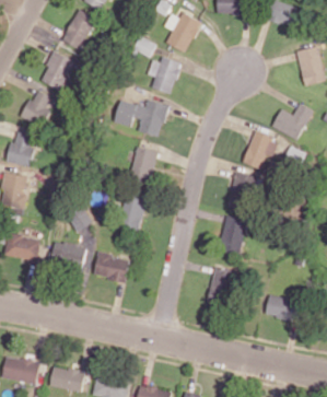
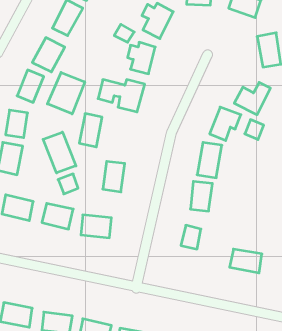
building: none -> [47,72,85,114]
building: [130,147,156,185] -> [79,114,102,147]
building: none -> [43,132,76,173]

